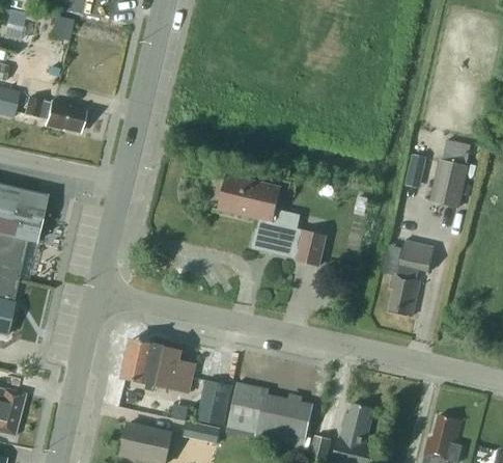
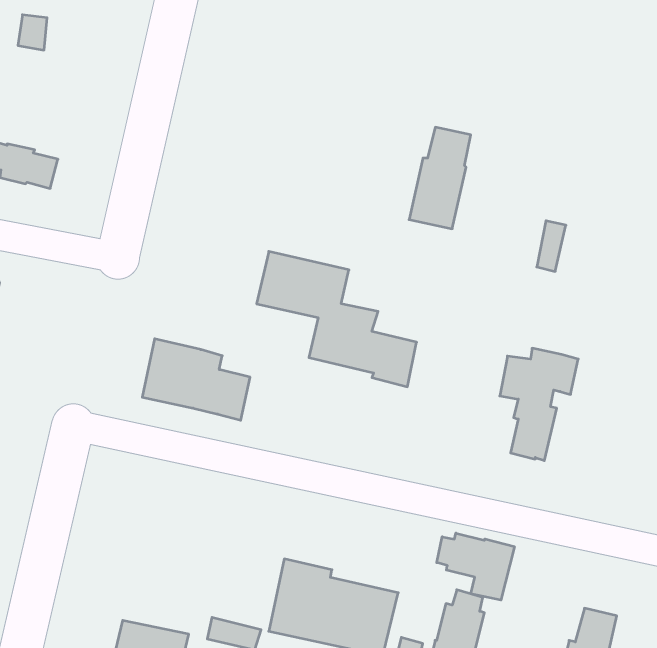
building: [429,139,471,208] -> [409,127,471,229]
building: [122,338,195,393] -> [142,339,250,420]
building: none -> [437,533,514,600]
building: [196,380,231,425] -> none

